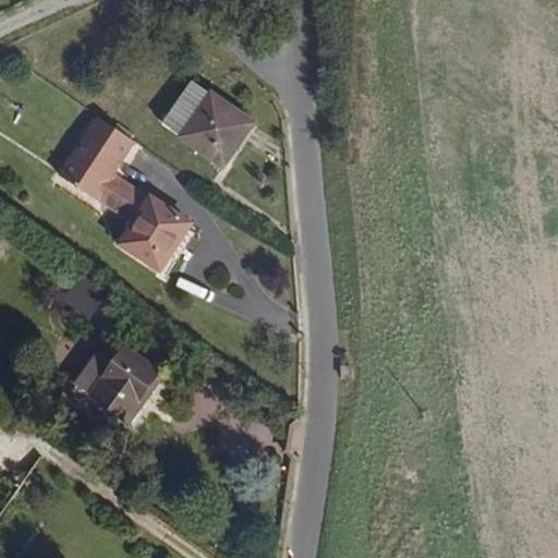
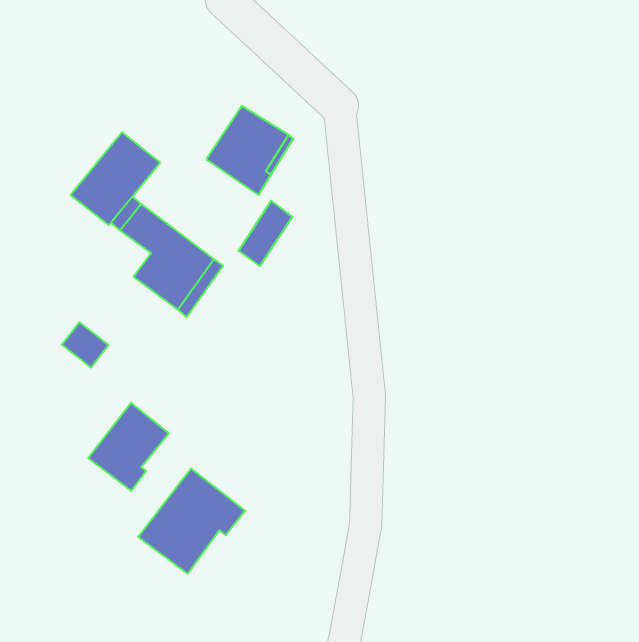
building: [160,81,207,137] -> [238,201,293,266]
building: none -> [138,469,245,574]

